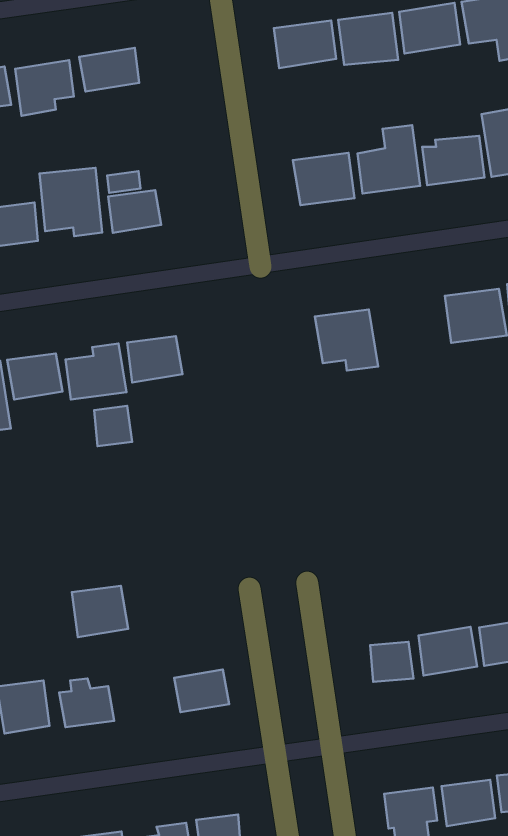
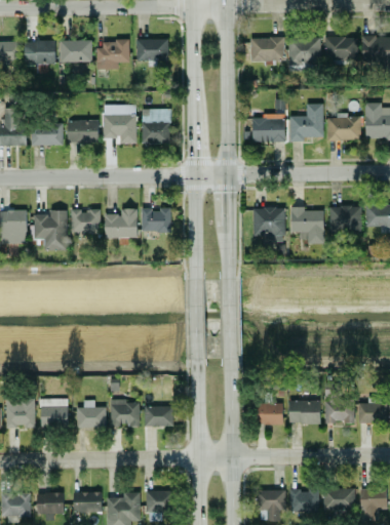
building: none -> [290,207,324,244]
building: [94,406,132,446] -> none
building: [72,586,128,637] -> [110,401,140,428]

